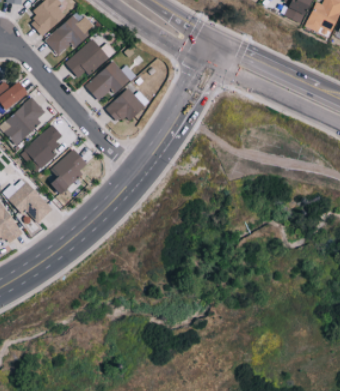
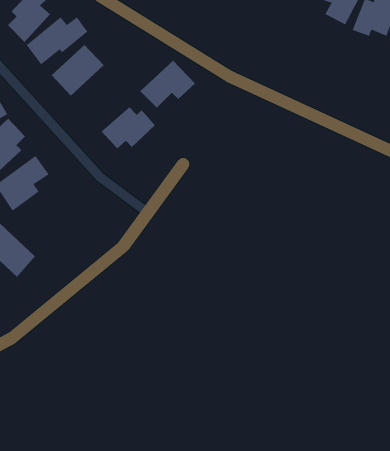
building: [84,61,129,100] -> [139,60,196,109]
building: [50,148,90,193] -> none

